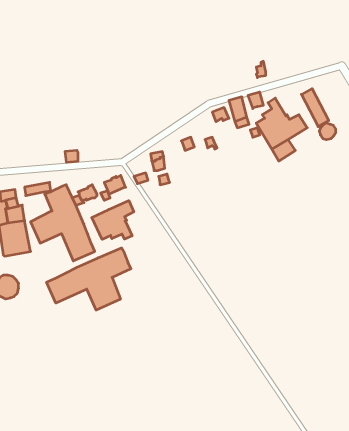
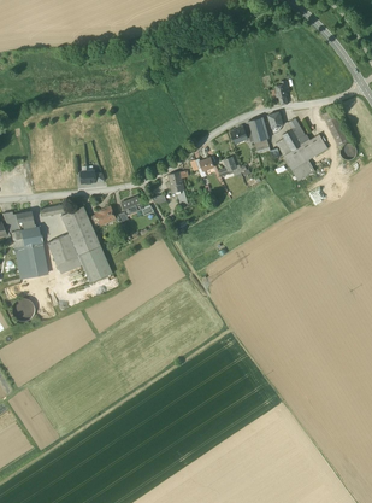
building: [92,201,134,239] -> none
building: [47,248,131,310] -> none

